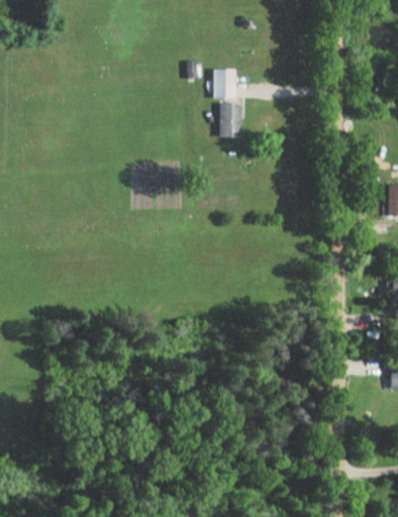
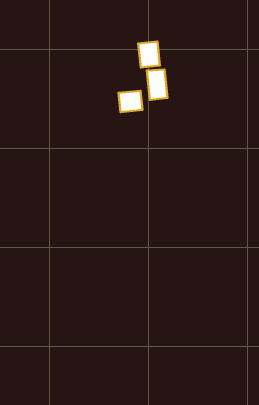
building: none -> [118,91,143,112]

